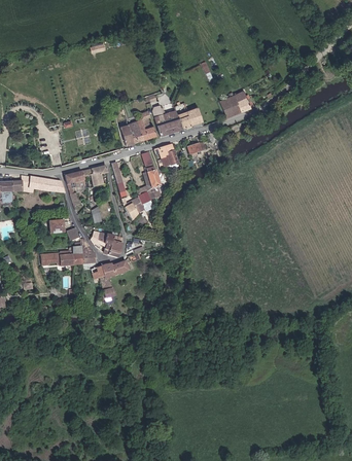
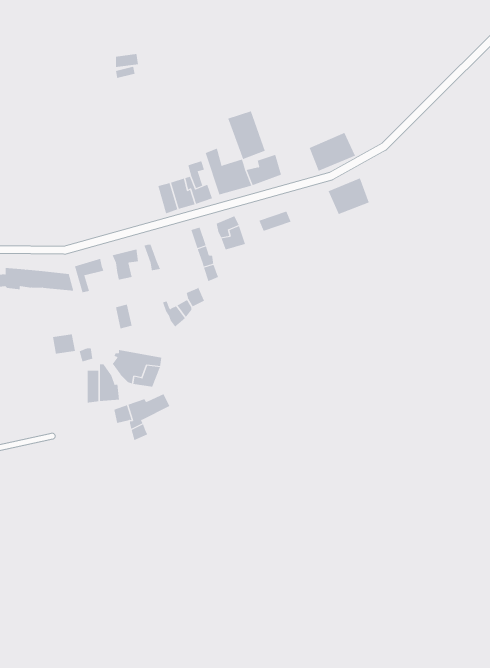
building: none -> [228,111,266,160]
building: none -> [328,178,369,215]
building: [40,252,73,268] -> none

